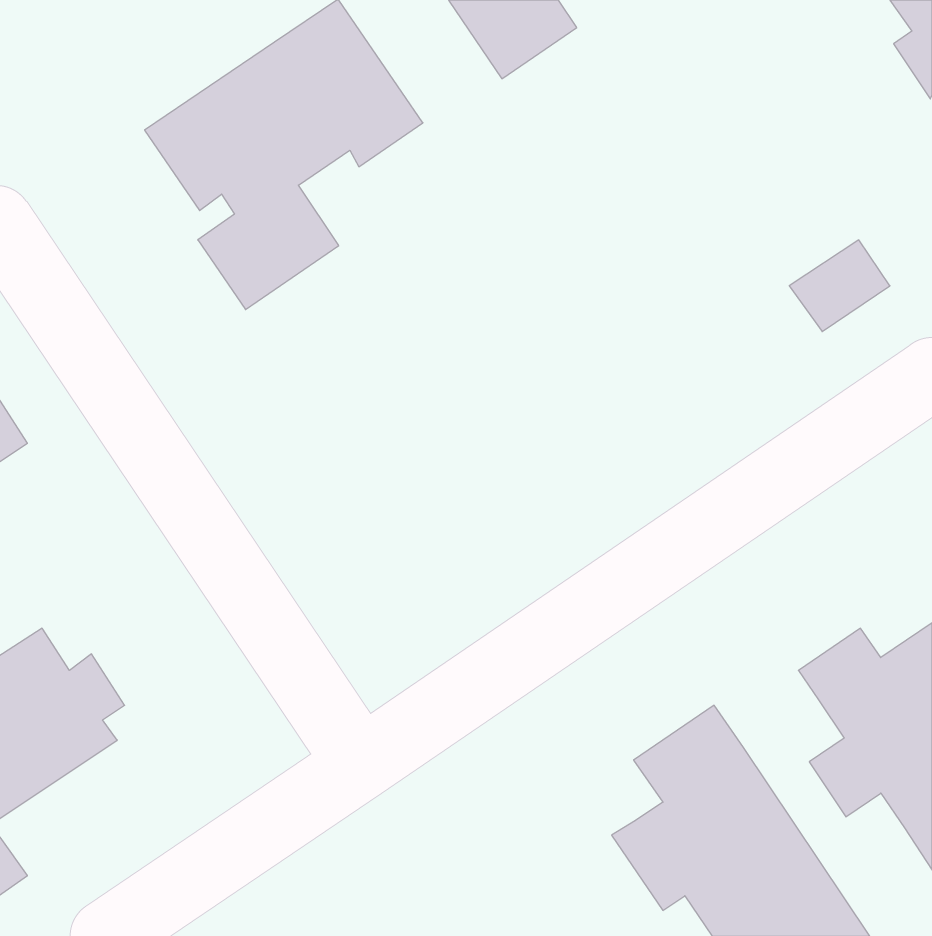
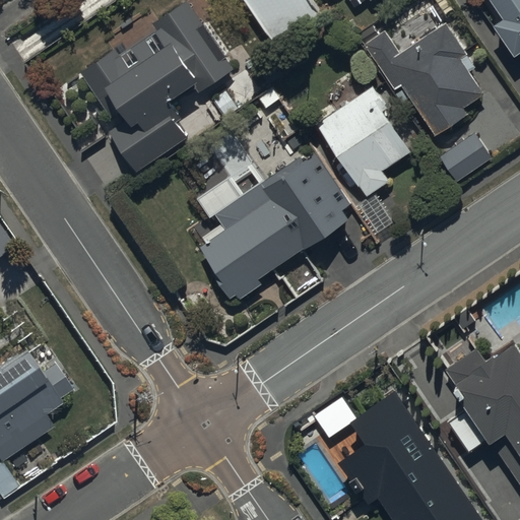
building: none -> [365,22,483,138]
building: none -> [318,89,410,197]
building: none -> [198,153,350,297]

